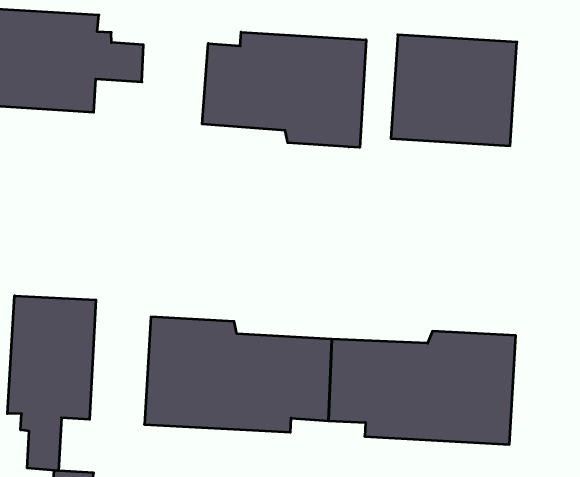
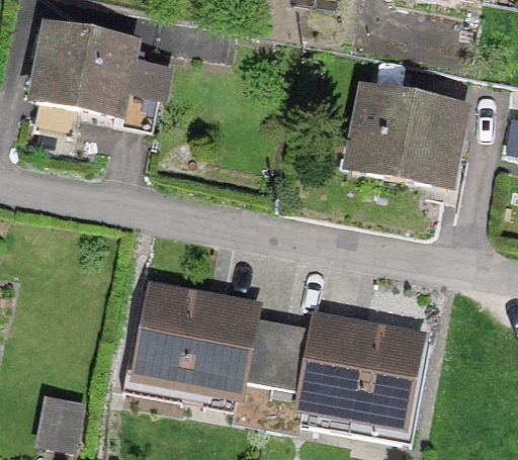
building: [202,32,366,147] -> none
building: [7,296,96,471] -> none

